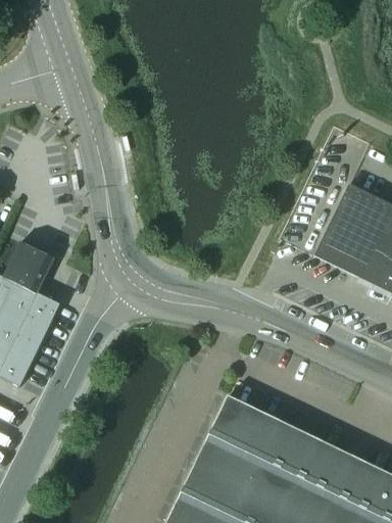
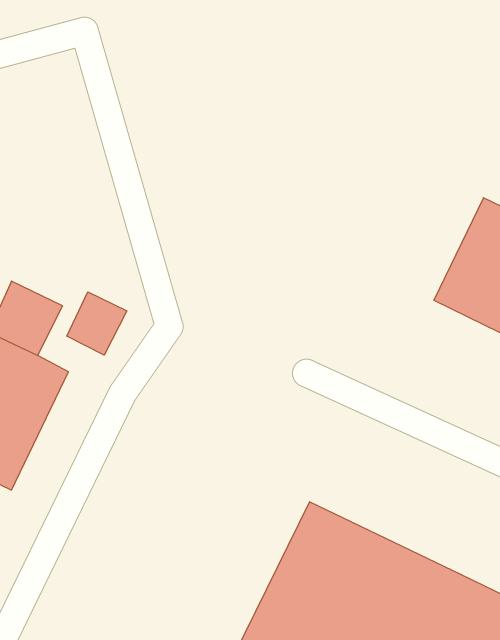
building: none -> [67,292,127,355]

